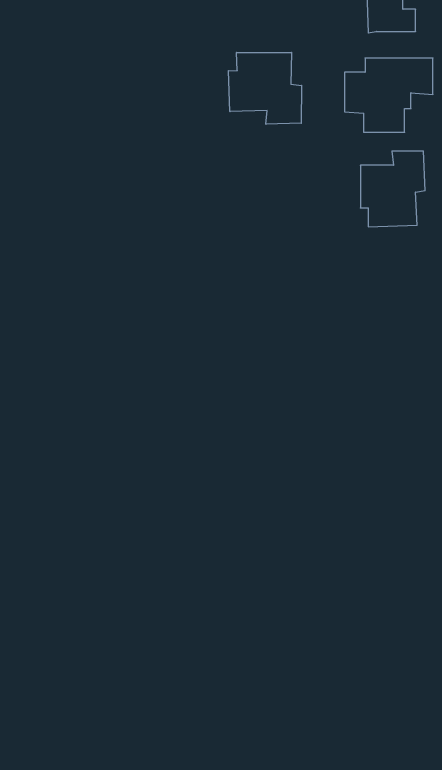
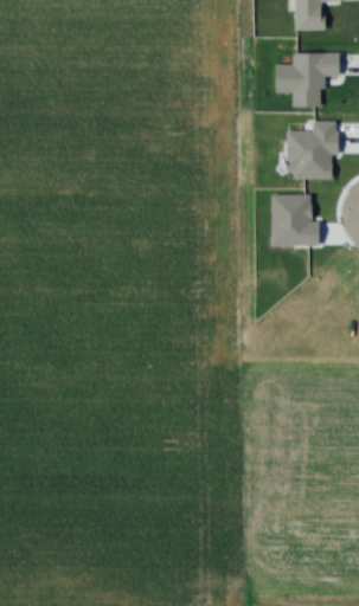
building: [228,52,302,124] -> none
building: none -> [274,194,319,245]

